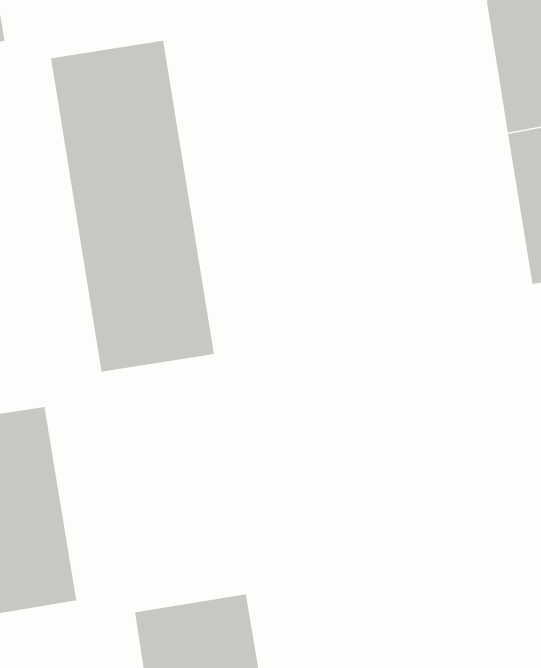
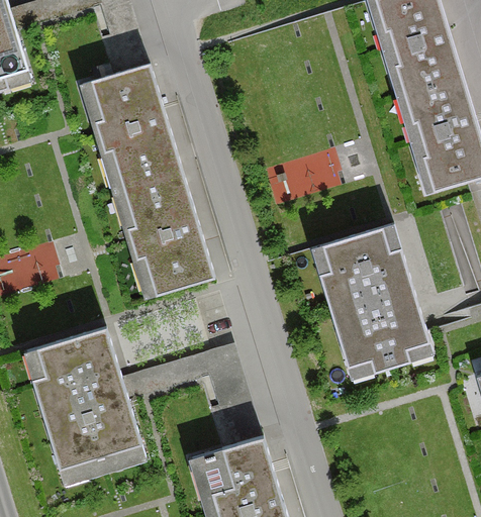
building: none -> [308,224,435,383]

